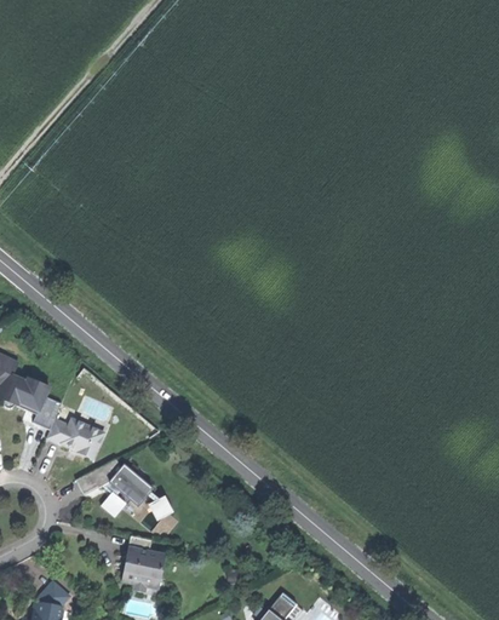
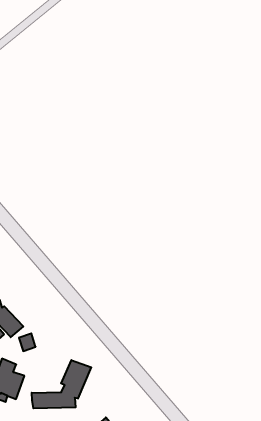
building: none -> [32,360,91,408]

